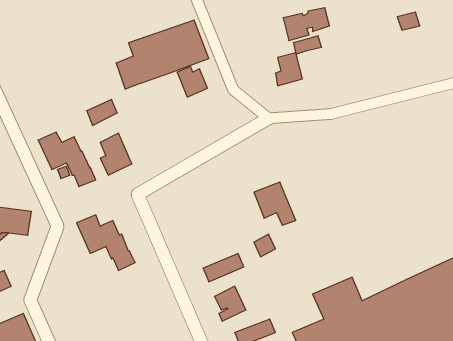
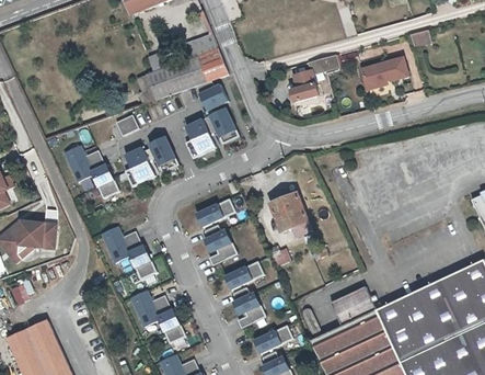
building: [283,8,329,41] -> [362,56,407,88]
building: none -> [208,109,238,145]
building: none -> [184,120,215,160]
building: none -> [147,137,177,173]
building: none -> [195,201,233,229]
building: none -> [204,231,234,265]
building: none -> [129,291,185,343]

